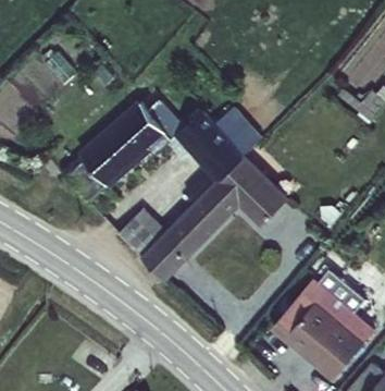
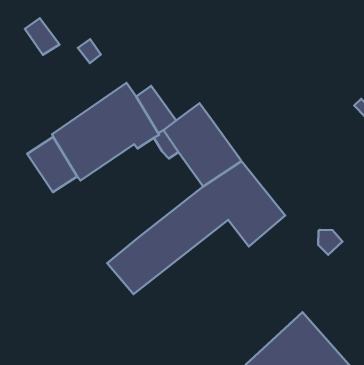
building: [215,105,262,152] -> none
building: [119,209,165,257] -> none

